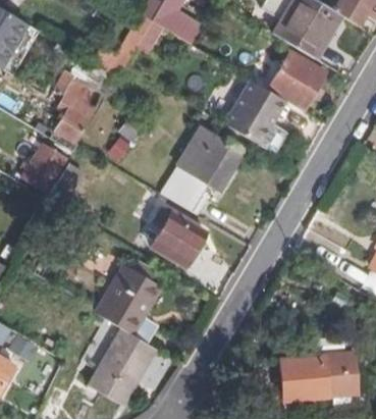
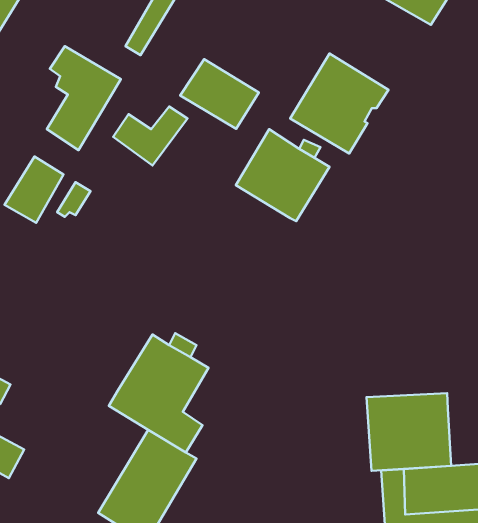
building: [270,52,325,108] -> none
building: [165,164,218,211] -> [180,59,259,129]
building: [151,209,205,267] -> none
building: none -> [366,393,451,471]

